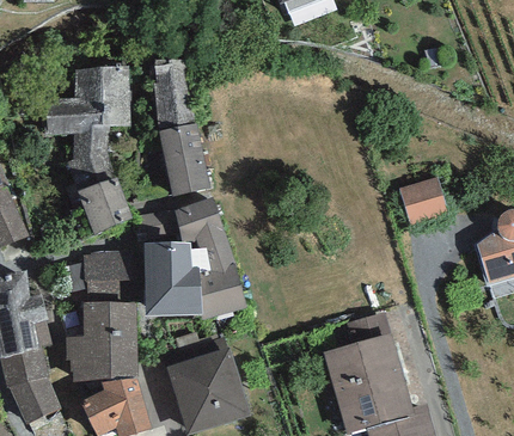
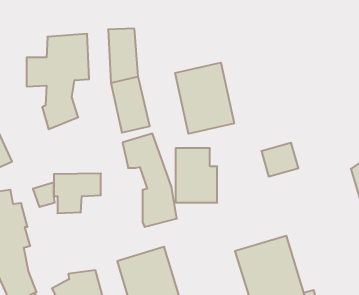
building: none -> [175,63,234,134]
building: [75,176,130,233] -> none
building: [398,177,447,221] -> [261,143,298,176]
building: [145,242,200,314] -> [176,148,217,203]
building: [66,301,137,381] -> none

